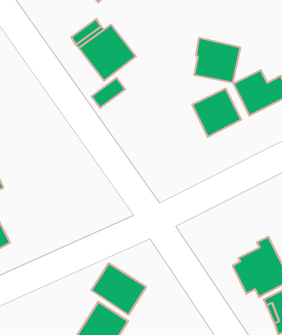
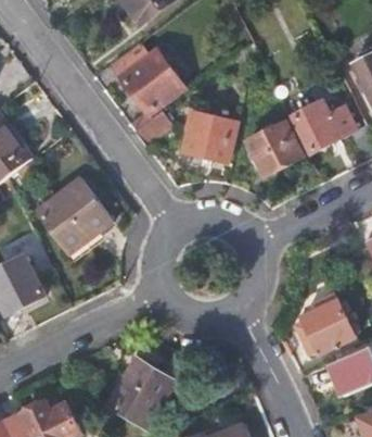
building: [194,38,240,82] -> [188,98,240,148]
building: none -> [36,178,111,253]
building: [91,263,146,315] -> none

